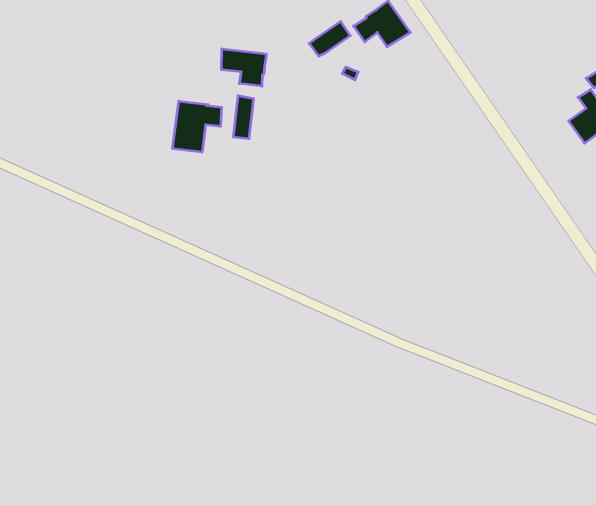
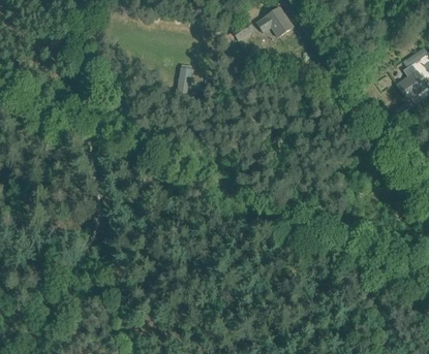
building: [222,49,266,86] -> none
building: [173,101,222,152] -> none

